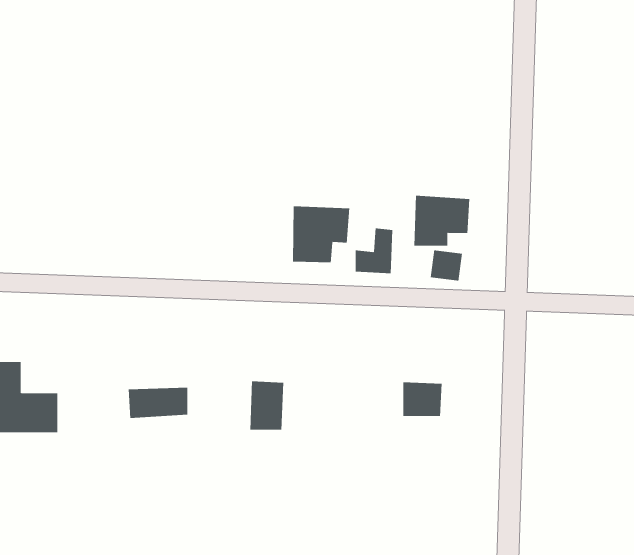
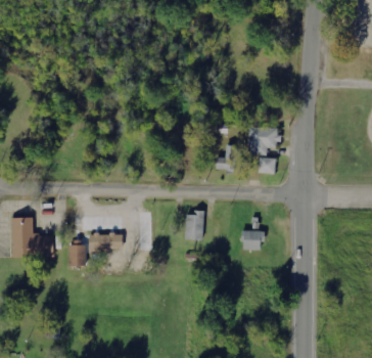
building: [293,205,350,263] -> none
building: [249,381,284,430] -> [184,212,203,239]
building: none -> [68,242,86,266]

